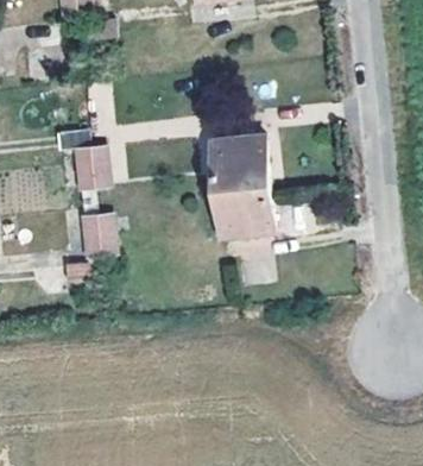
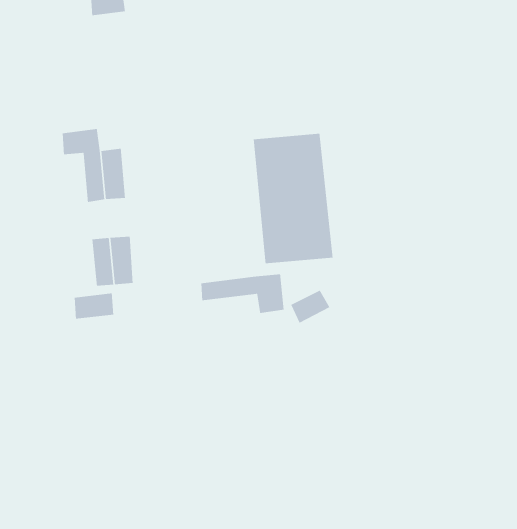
building: none -> [201,274,284,314]

